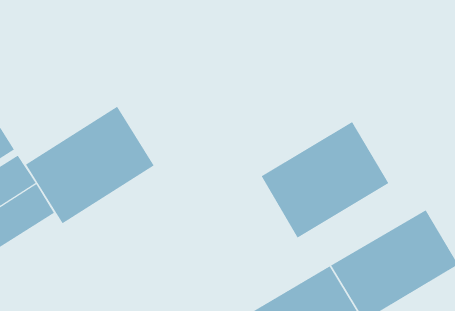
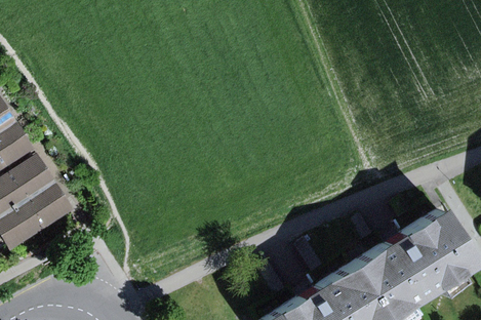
building: [25,106,154,224] -> none
building: [261,121,389,238] -> none

